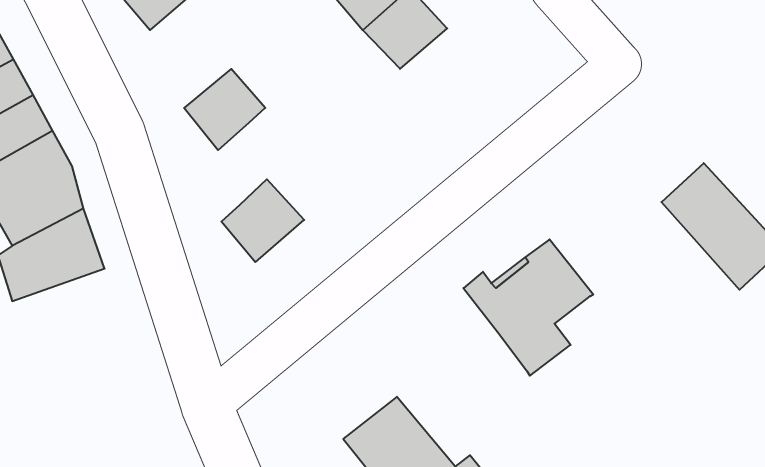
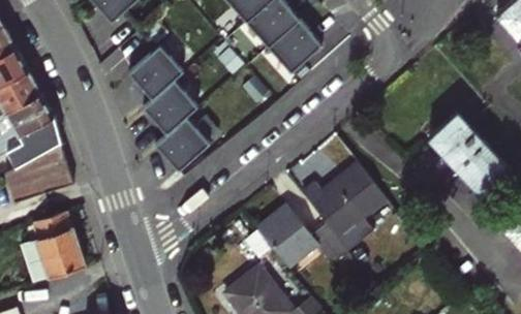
building: none -> [263,27,315,77]
building: none -> [137,87,190,139]
building: none -> [257,205,343,266]
building: none -> [22,210,86,281]

